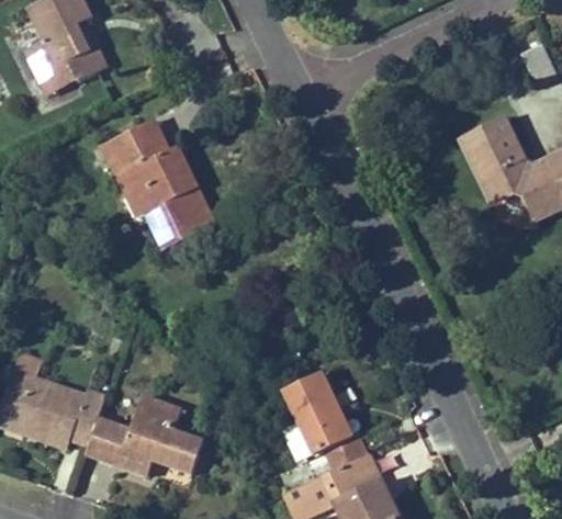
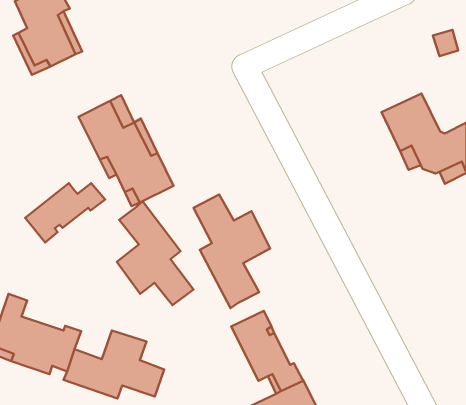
building: none -> [25,183,105,243]
building: none -> [194,195,270,308]
building: none -> [117,201,193,305]

